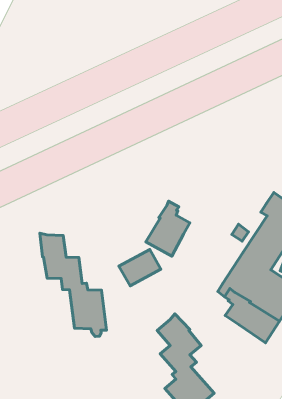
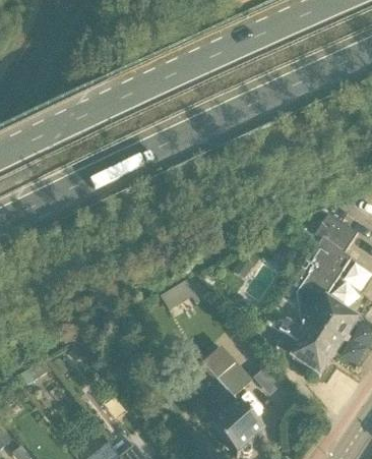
building: [146,201,190,256] -> none
building: [40,233,107,336] -> none

